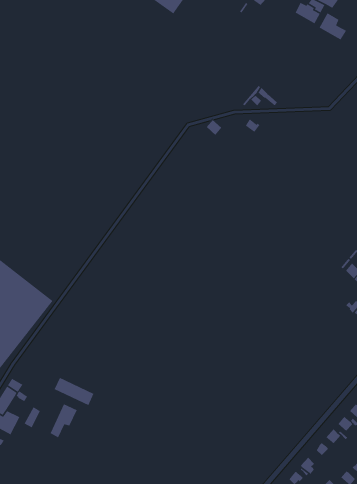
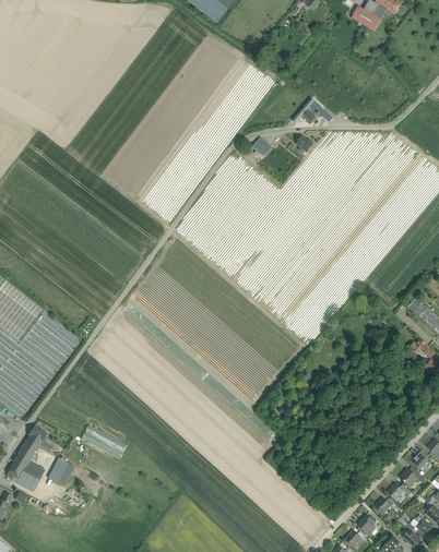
building: [318,12,347,41] -> none
building: [49,403,78,439] -> none

